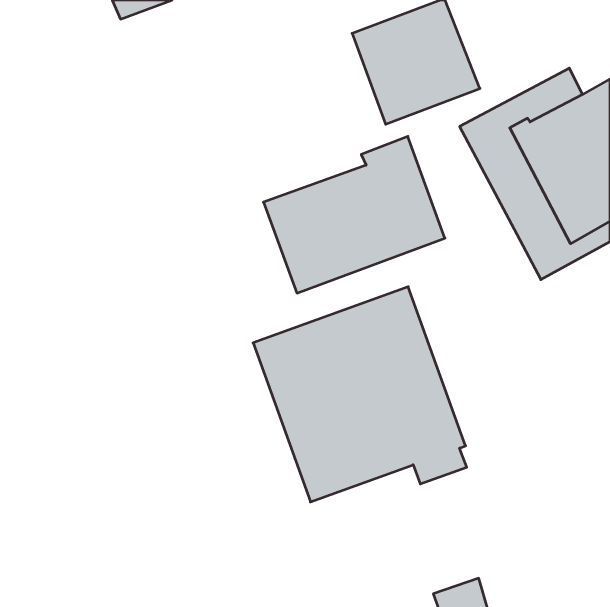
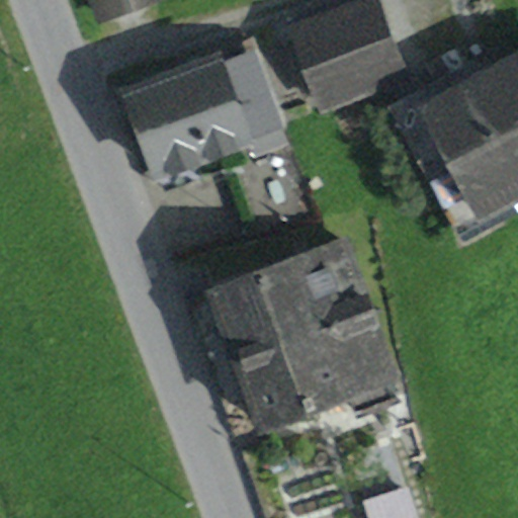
building: [263,136,445,293] -> [131,40,284,173]

